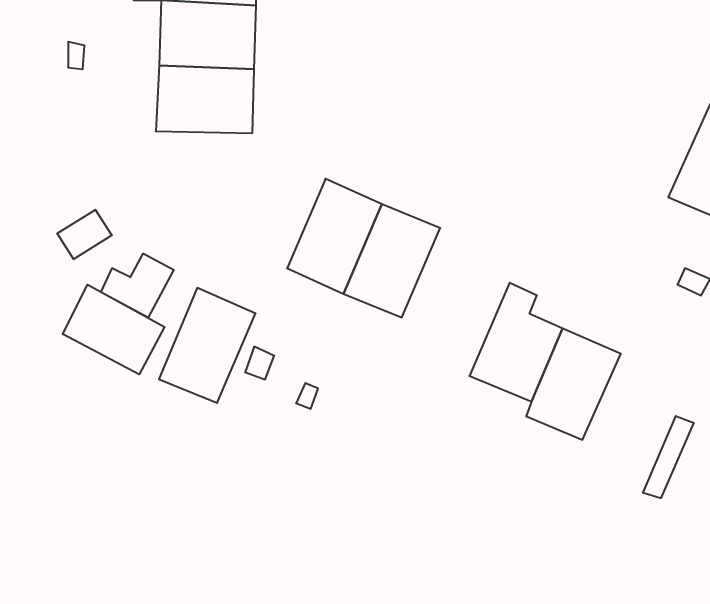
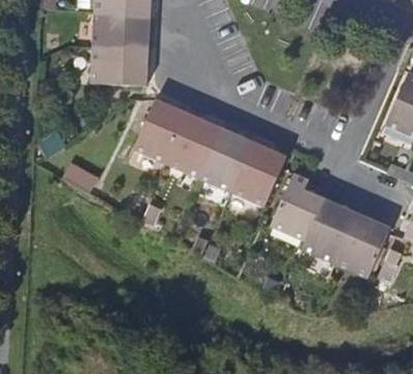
building: none -> [231,141,286,206]
building: [63,285,165,374] -> none
building: [159,288,256,403] -> [133,98,188,164]
building: none -> [334,212,388,276]

